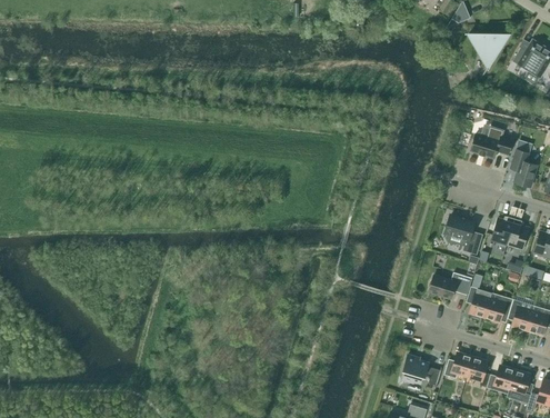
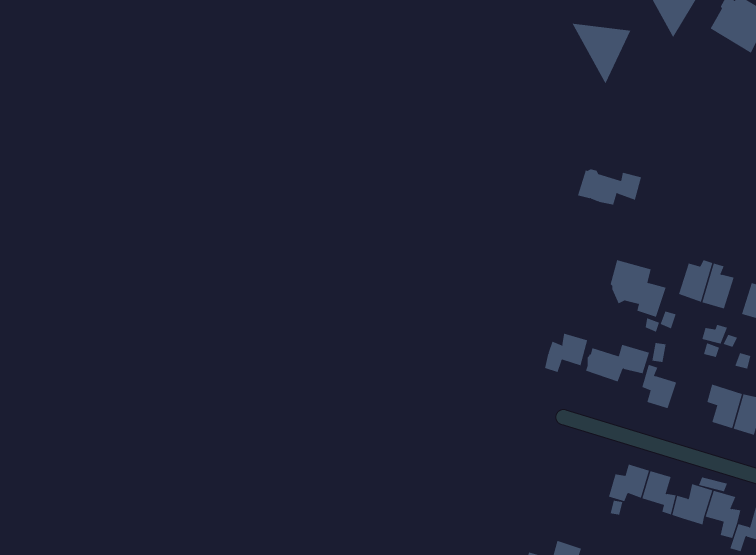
building: none -> [572,23,631,85]
building: [470,135,513,159] -> [577,169,642,205]
building: [511,150,537,188] -> none
building: none -> [544,333,588,373]
building: [484,293,513,321] -> none
building: [401,356,442,390] -> none

